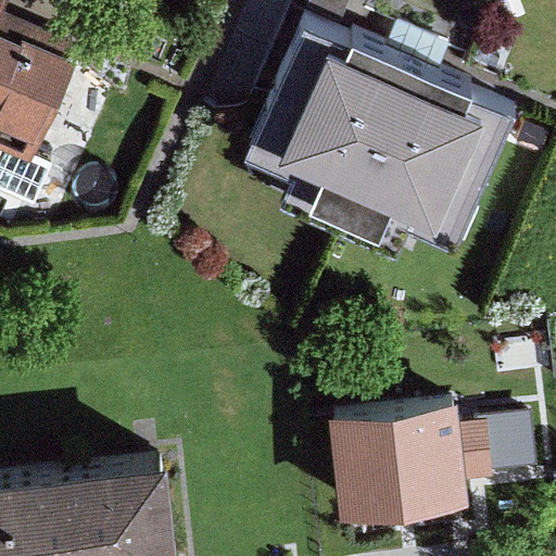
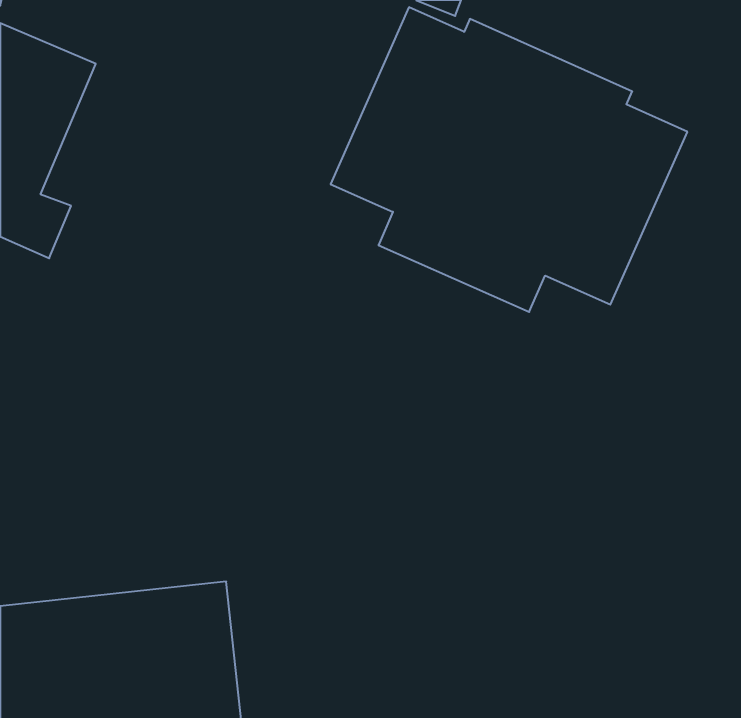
building: [328,399,494,516] -> none

